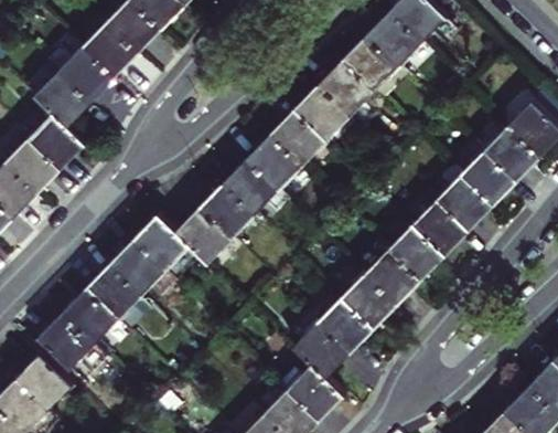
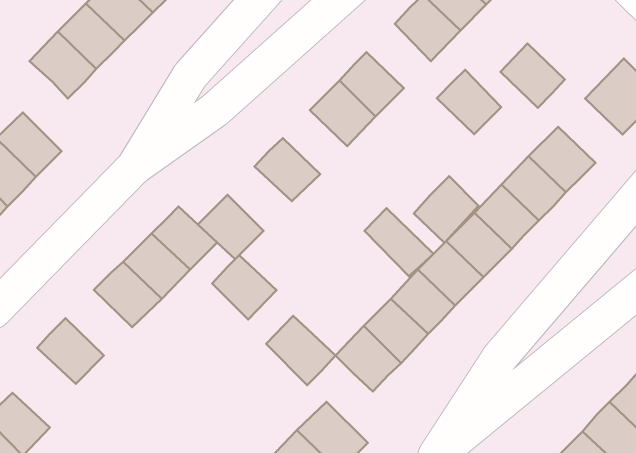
building: [320,62,375,117] -> [437,70,501,134]
building: [25,112,84,171] -> none
building: [484,126,539,181] -> [500,43,565,108]
building: [248,136,303,191] -> none
building: [201,184,256,240] -> [212,255,276,320]
building: none -> [414,176,478,243]
building: none -> [364,208,434,276]
building: [62,291,119,347] -> none
building: [17,353,72,409] -> none
building: [286,362,345,422] -> [266,316,336,385]

